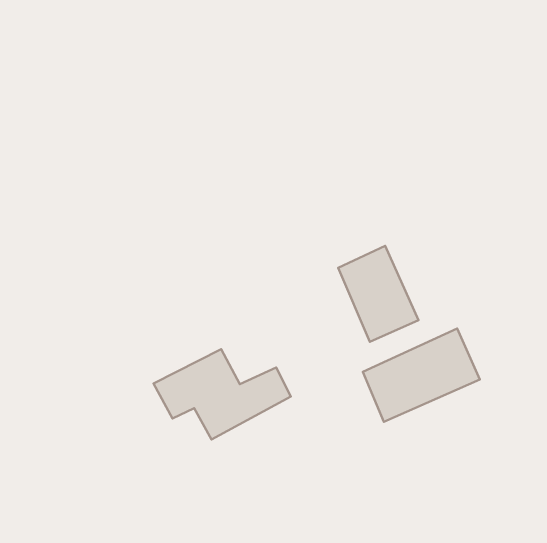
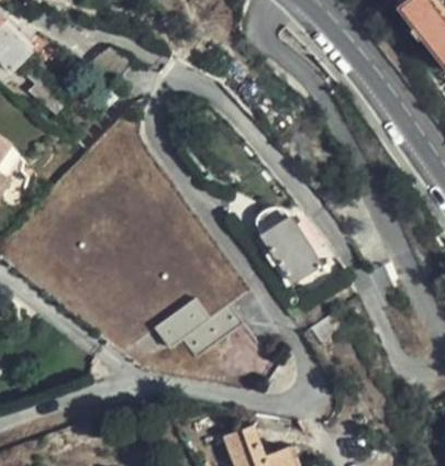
building: [363,328,480,422] -> none

